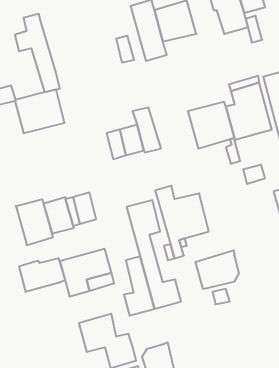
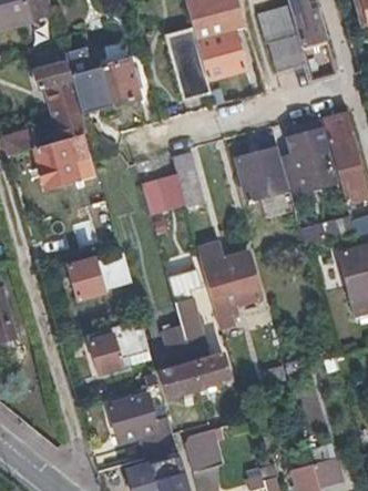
building: none -> [64,50,139,115]
building: [16,199,53,245] -> none
building: [196,250,239,289] -> none
building: [19,258,65,292] -> none

